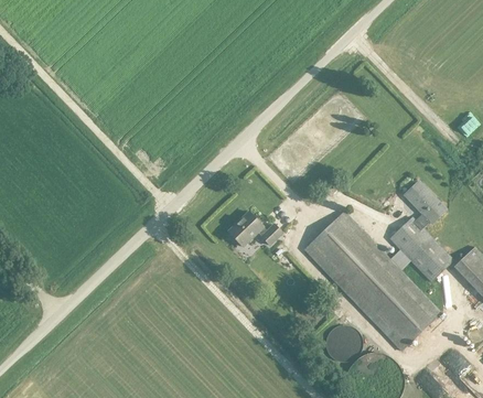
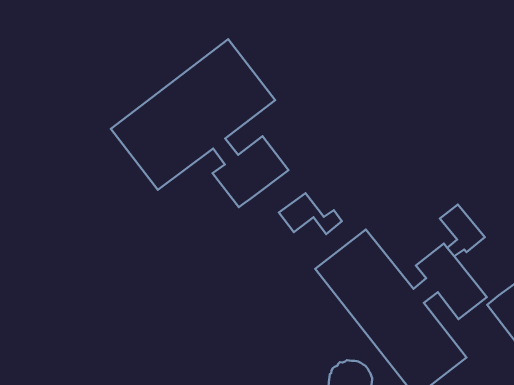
building: none -> [111,39,289,207]
building: [227,213,281,247] -> [279,193,342,234]

